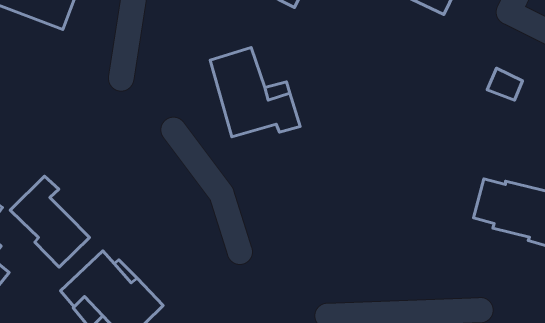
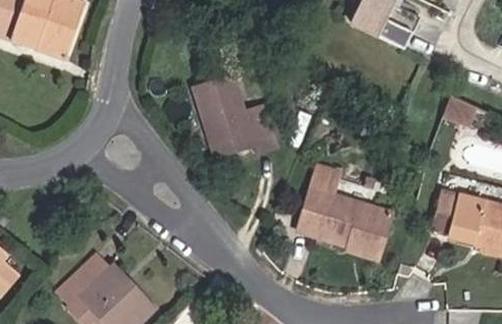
building: none -> [298,169,392,255]
building: [10,176,90,267] -> none

